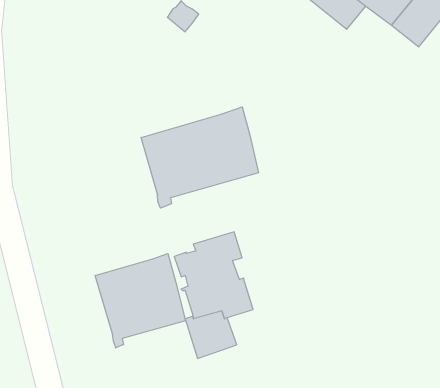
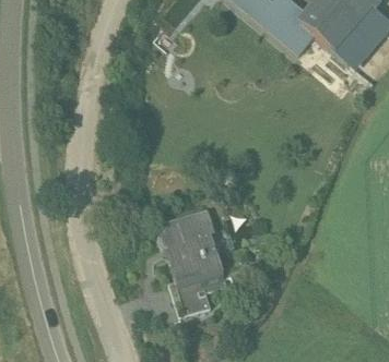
building: [141,107,258,208] -> none
building: [95,254,186,348] -> none

